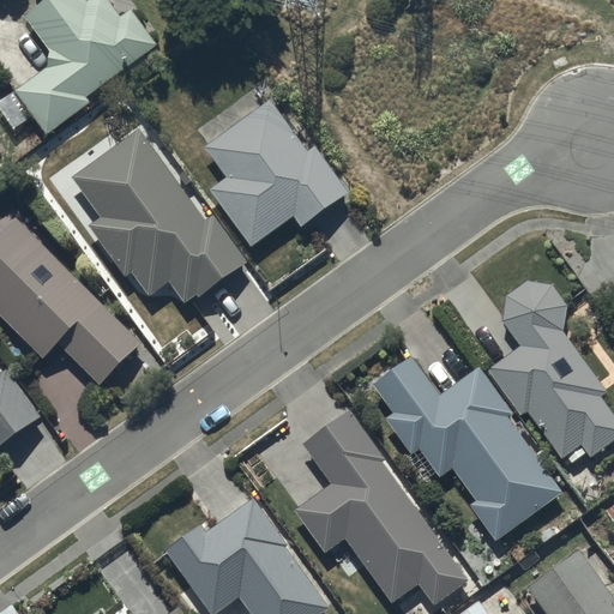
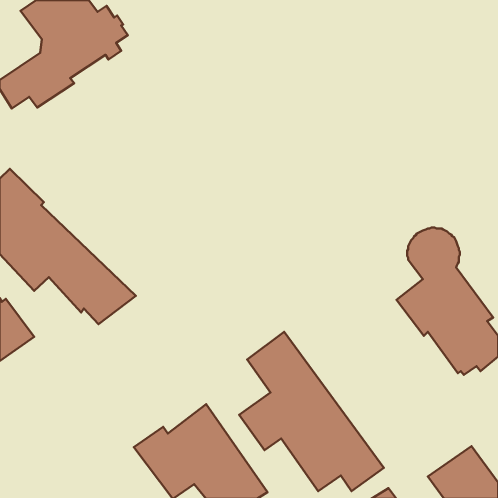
building: [205,100,348,247] -> none
building: [76,128,246,302] -> none
building: [373,356,561,540] -> none

